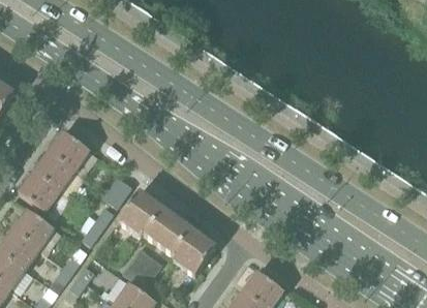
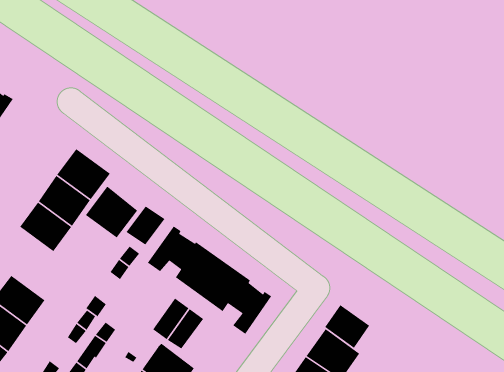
building: none -> [85,185,138,239]
building: [13,209,55,249] -> none
building: none -> [324,304,370,349]

